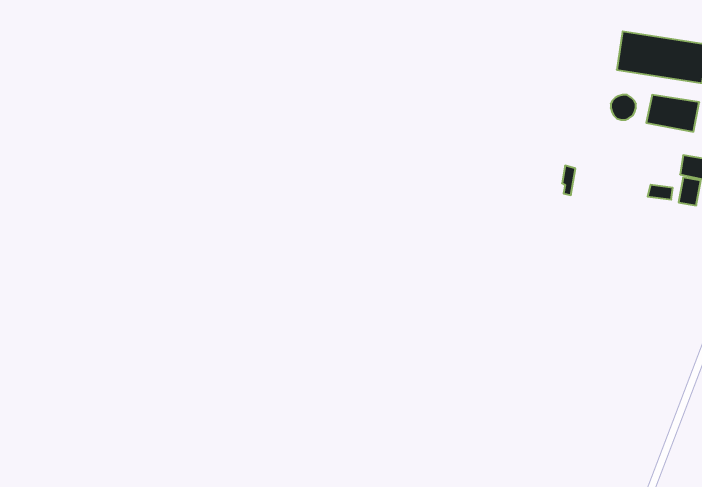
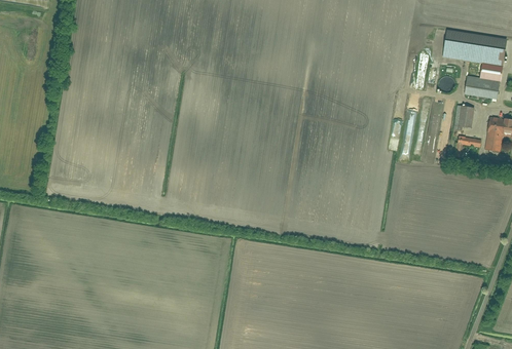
building: none -> [454,104,475,129]

